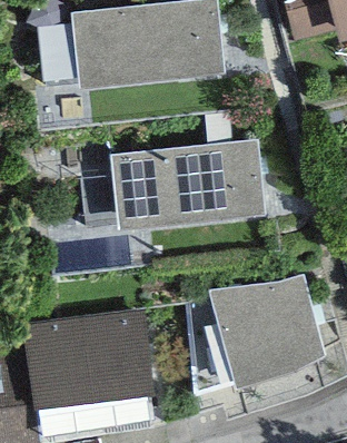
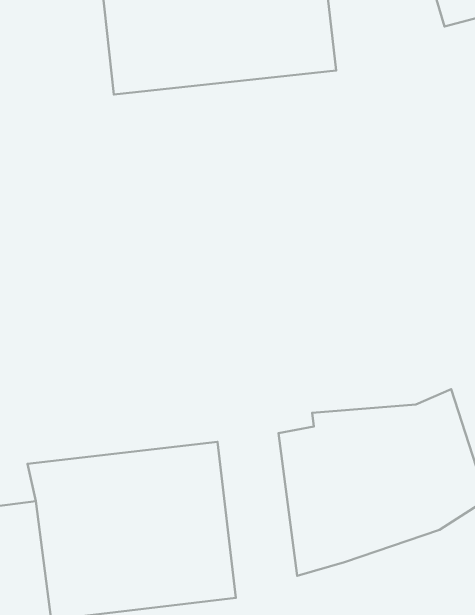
building: [112,141,266,225] -> none

